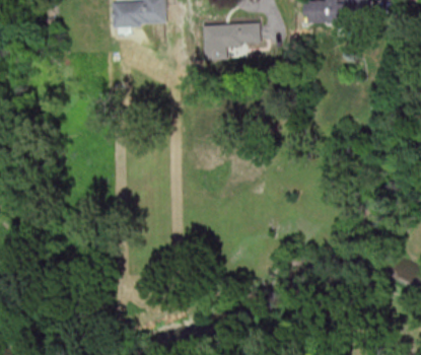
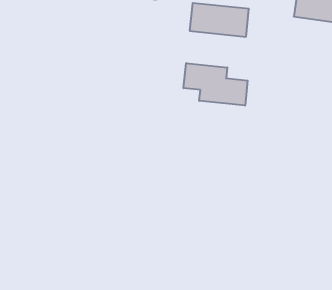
building: none -> [184,63,248,106]

